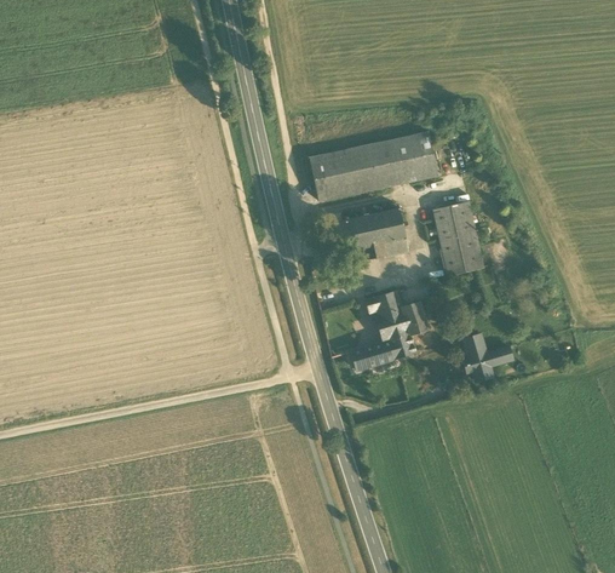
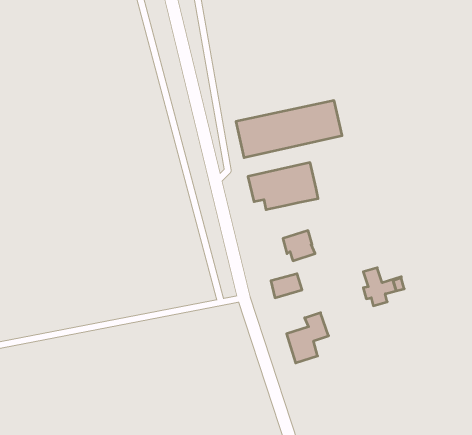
building: [432,201,483,276] -> none
building: [378,300,429,361] -> [287,313,329,363]

